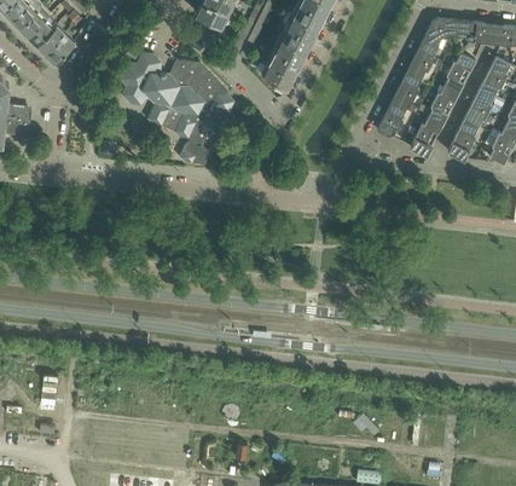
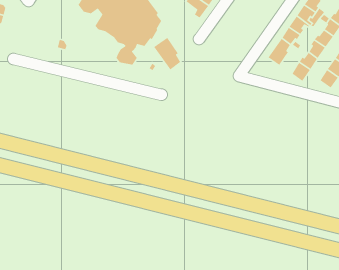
building: none -> [153,37,181,71]

